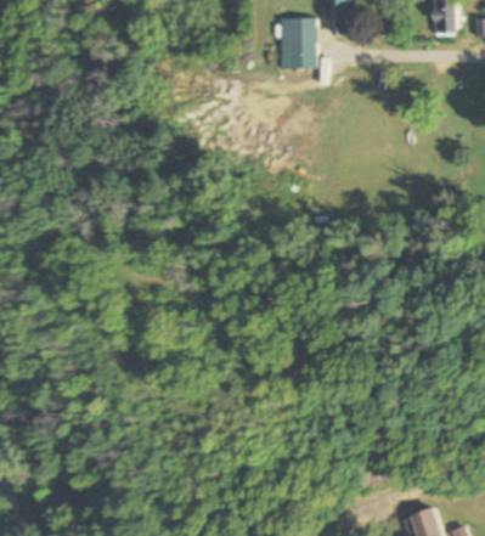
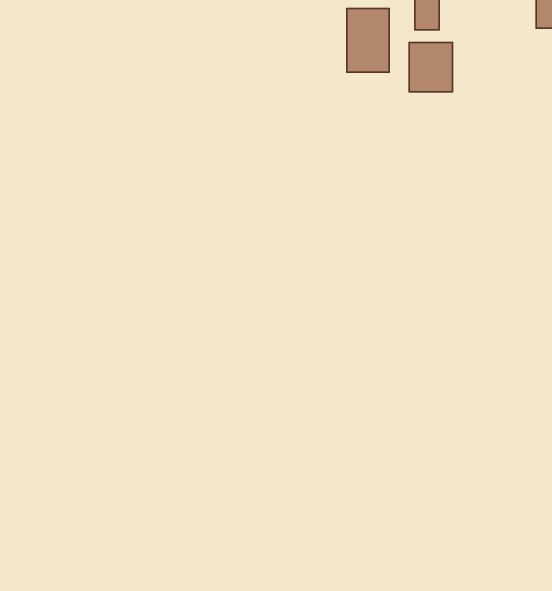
building: none -> [409,42,452,92]

